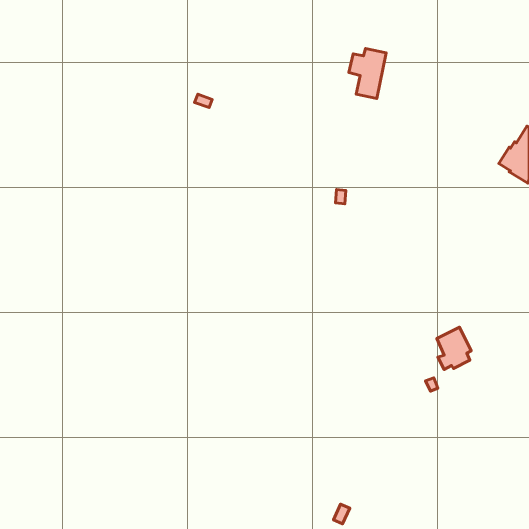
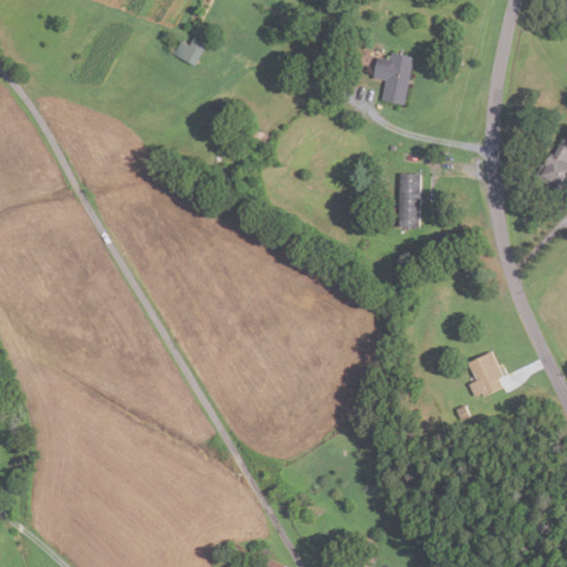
building: none -> [172,38,205,65]
building: none -> [399,172,421,226]

